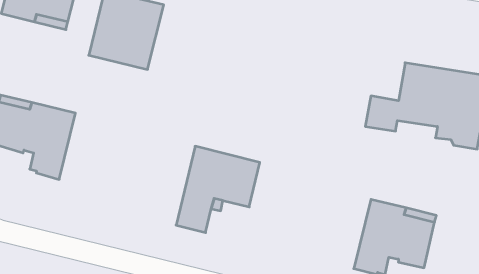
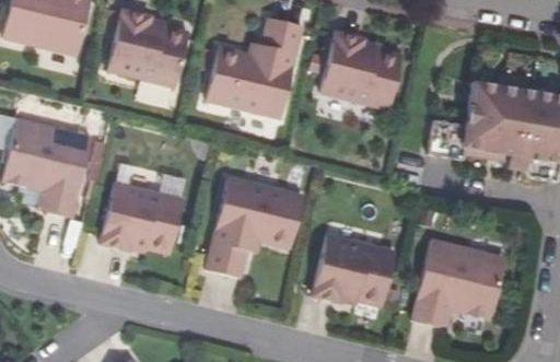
building: none -> [206,19,303,120]
building: none -> [320,33,402,110]
building: none -> [101,183,184,254]
building: none -> [313,233,397,305]

